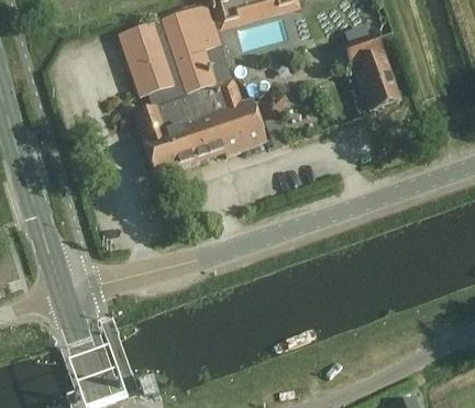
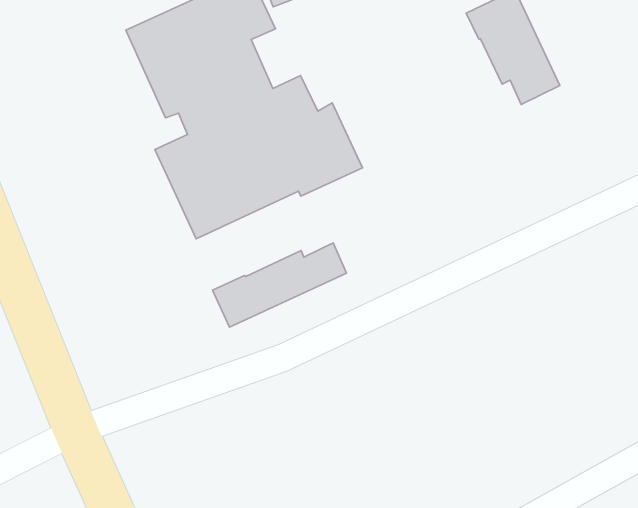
building: none -> [212,243,346,327]

